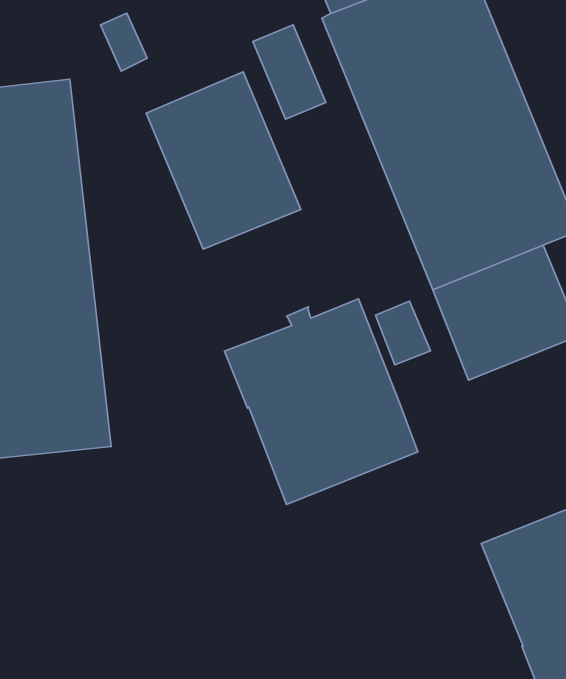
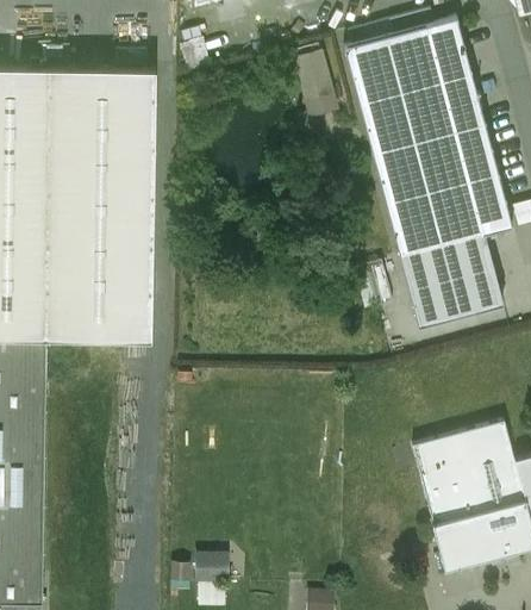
building: [146,72,301,249] -> none
building: [225,299,418,505] -> none

